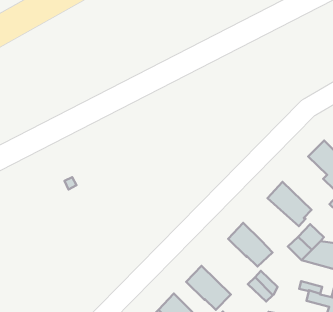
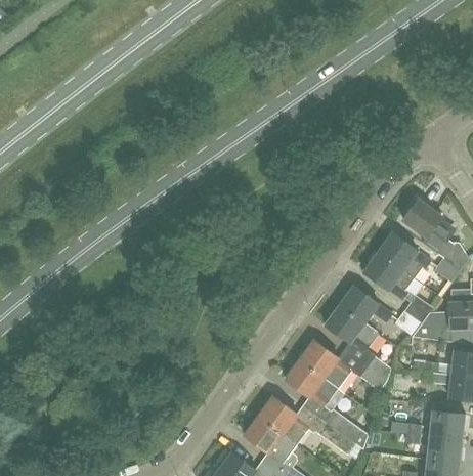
building: none -> [377,232,430,279]
building: none -> [339,286,391,322]
building: none -> [299,341,350,388]

